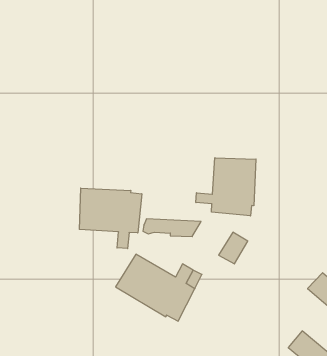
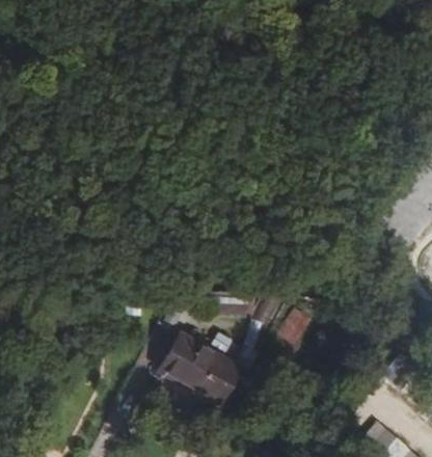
building: [196,158,256,216] -> none
building: [79,188,142,249] -> none

